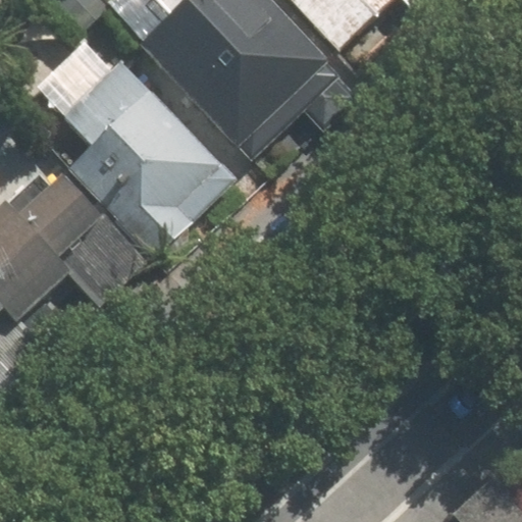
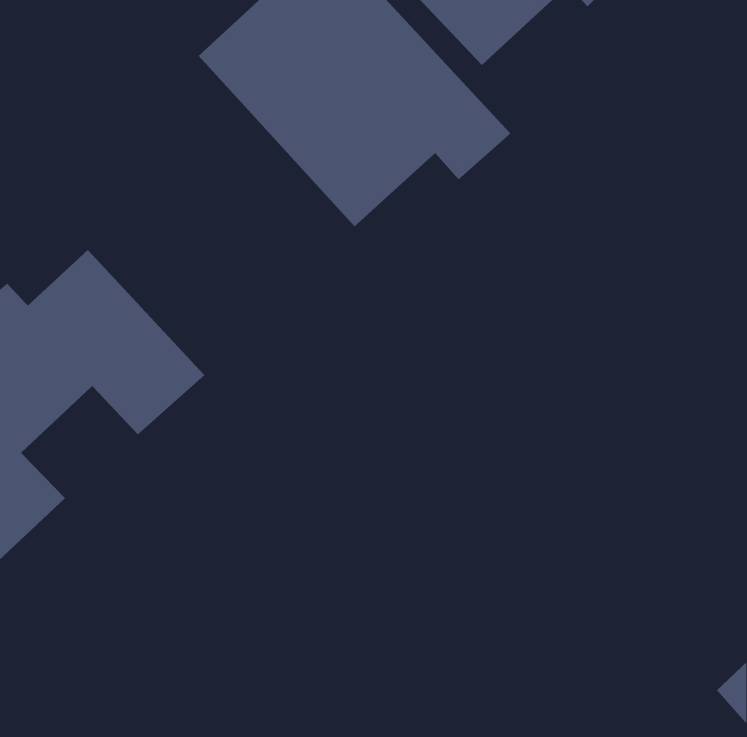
building: [63,58,232,254] -> none

